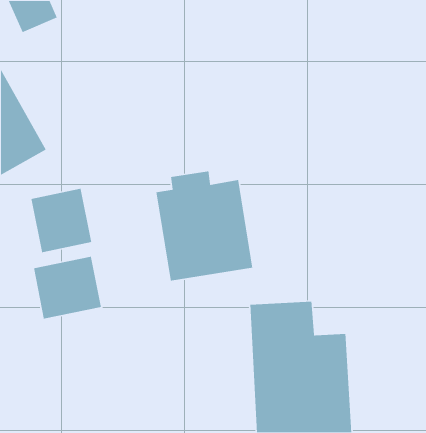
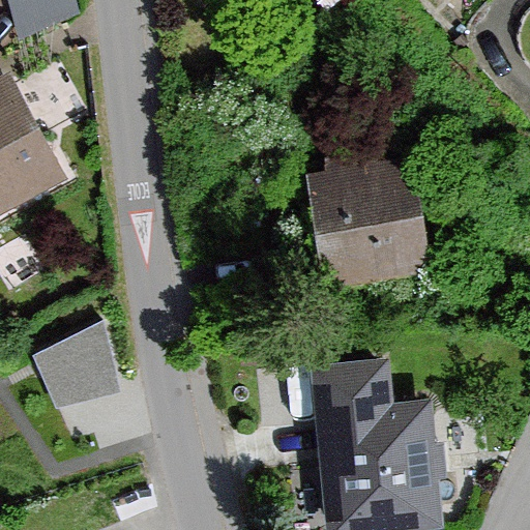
building: [156,171,253,282] -> [303,151,422,287]
building: [30,188,92,253] -> none

